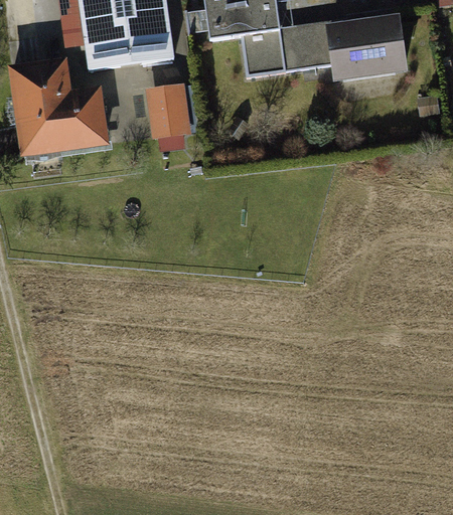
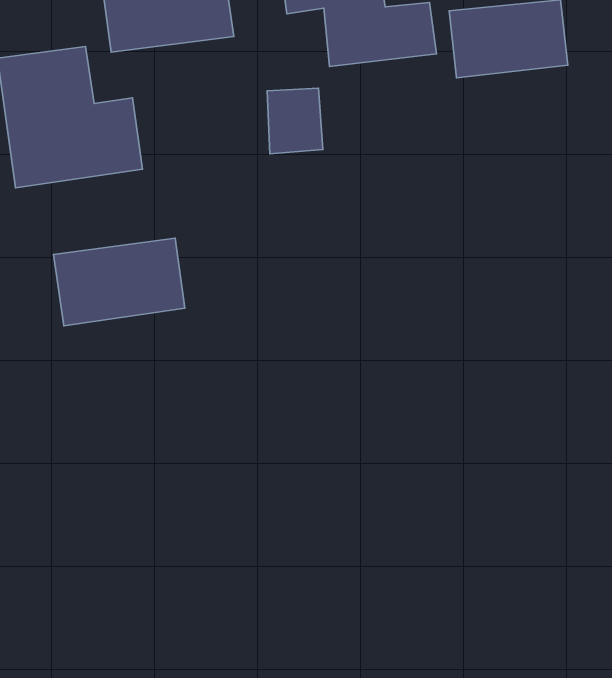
building: [149,92,188,138] -> [267,88,323,154]
building: none -> [53,238,185,326]

